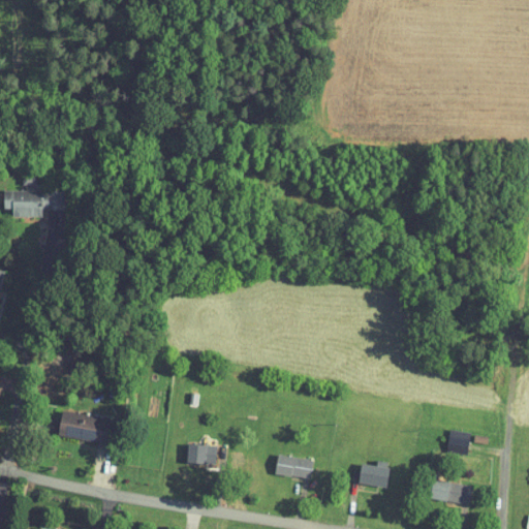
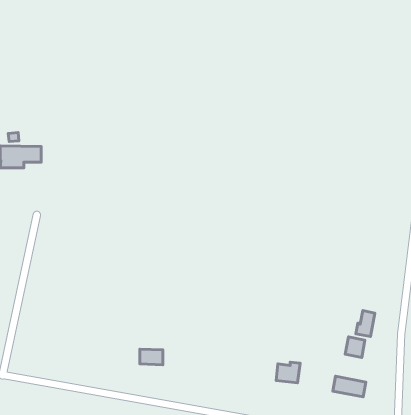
building: none -> [356,311,375,336]
building: [58,412,102,442] -> none
building: [275,456,312,478] -> none

